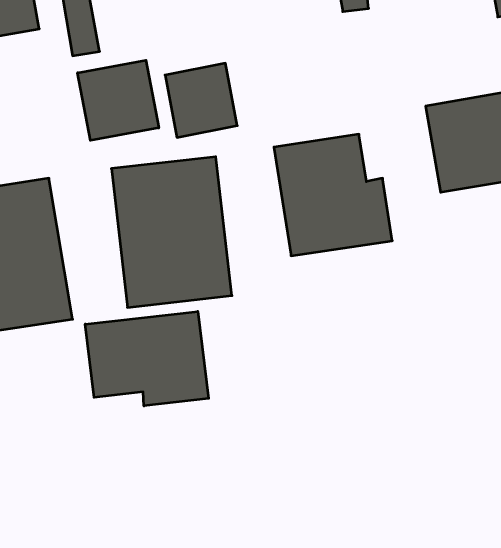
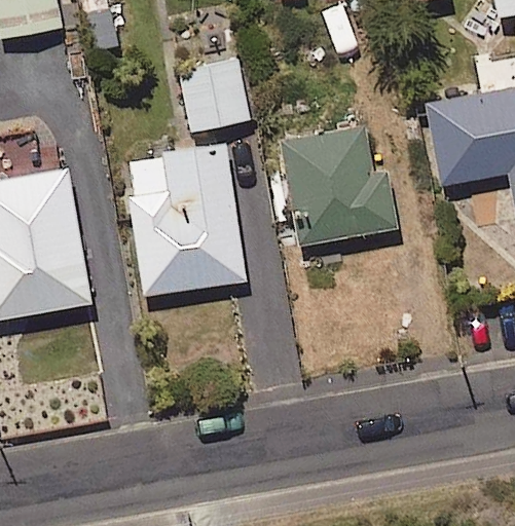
building: [78,60,159,140] -> none
building: [85,311,209,406] -> none

